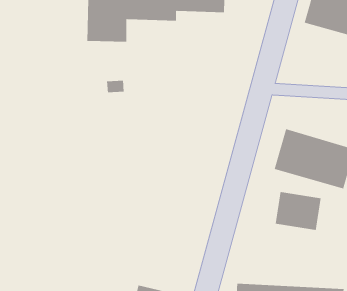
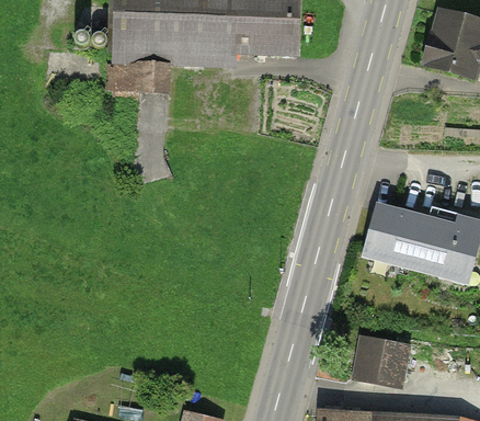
building: [275,191,321,231] -> [352,335,413,387]

